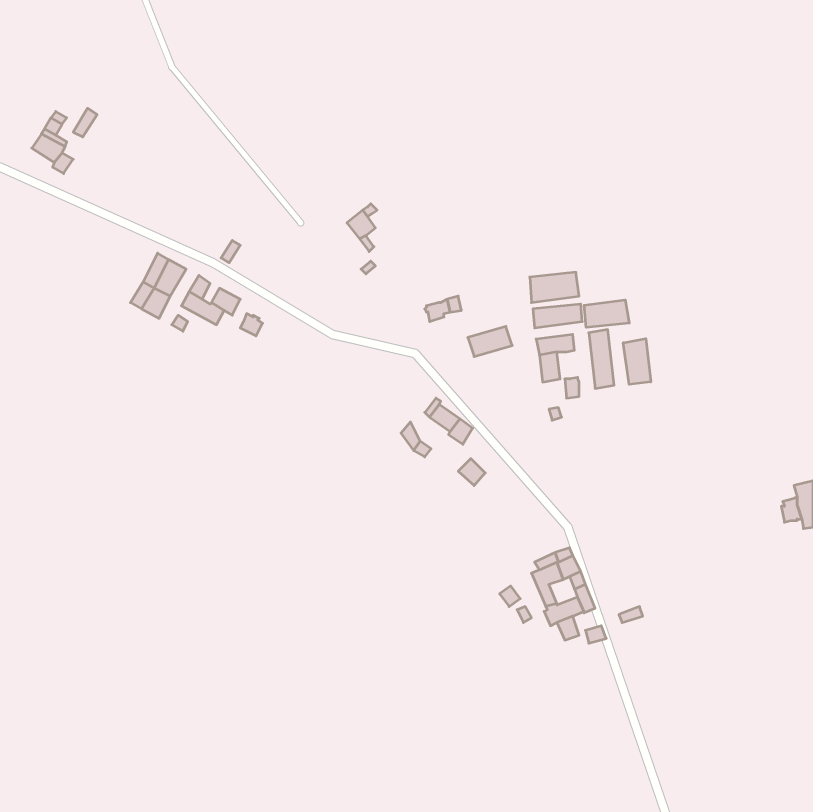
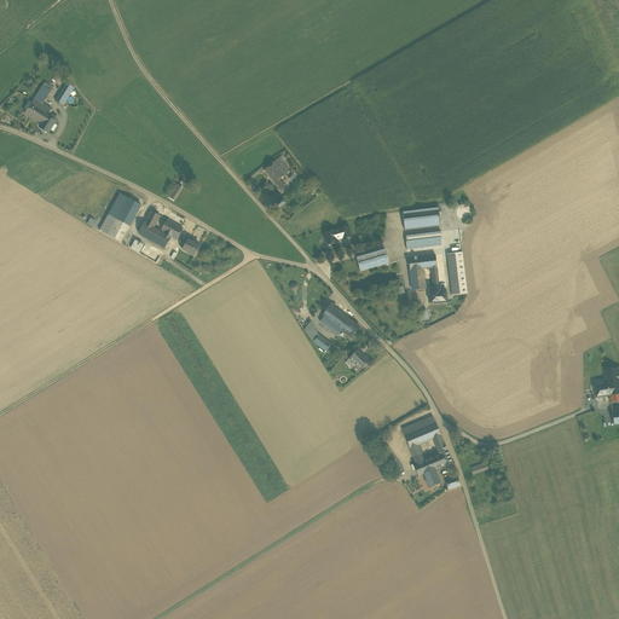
building: [584,300,629,327] -> none
building: [623,339,651,384] -> none

